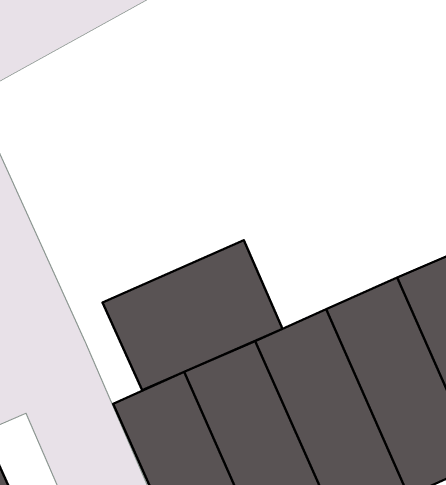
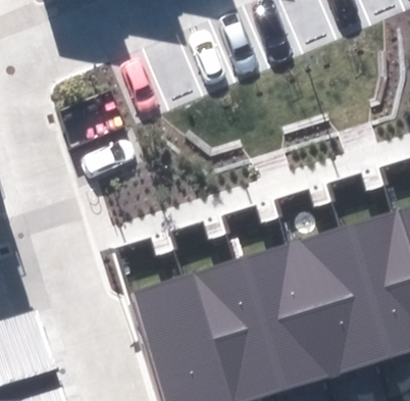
building: [103,240,283,390] -> none

